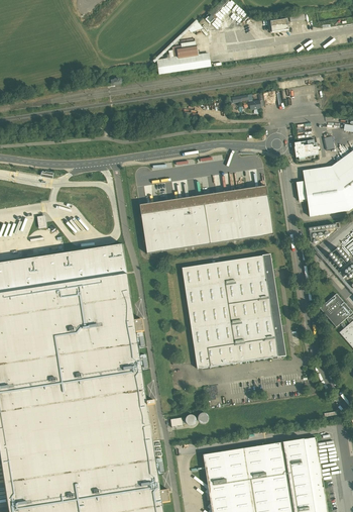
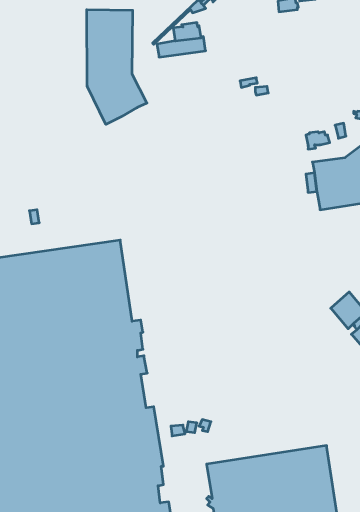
building: none -> [87,10,147,124]
building: [139,187,272,253] -> none
building: [182,253,286,369] -> none

